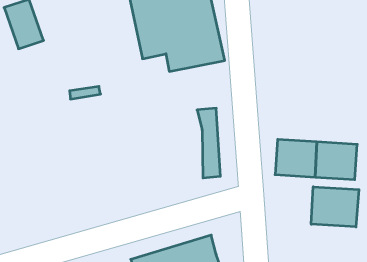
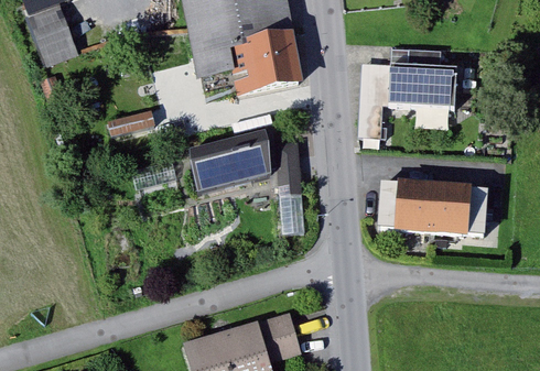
building: none -> [354,63,453,137]
building: none -> [190,129,280,192]
building: [311,187,359,227] -> none

